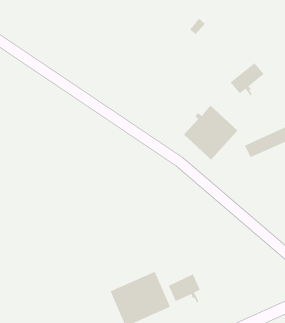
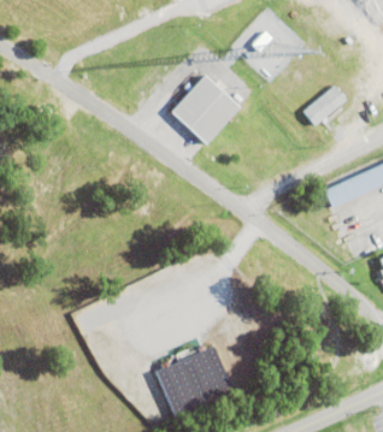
building: [183,105,238,161] -> [170,75,238,144]
building: [168,274,201,303] -> none

